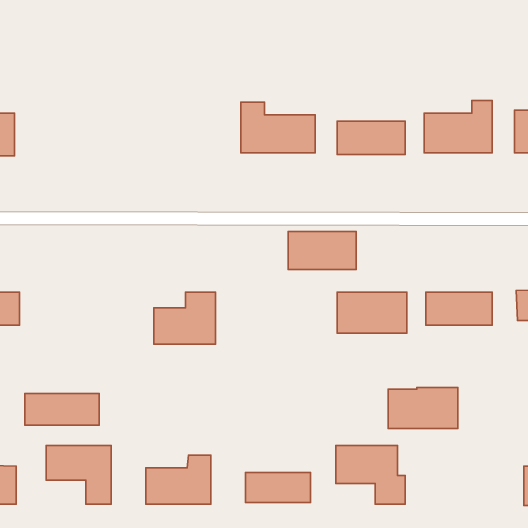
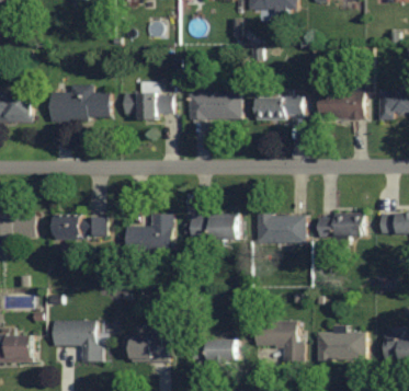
building: none -> [50,84,109,119]
building: none -> [123,92,172,116]
building: [288,232,356,269] -> [190,215,237,241]
building: [388,387,458,429] -> [316,332,364,360]
building: [25,394,99,425] -> [54,217,105,239]

